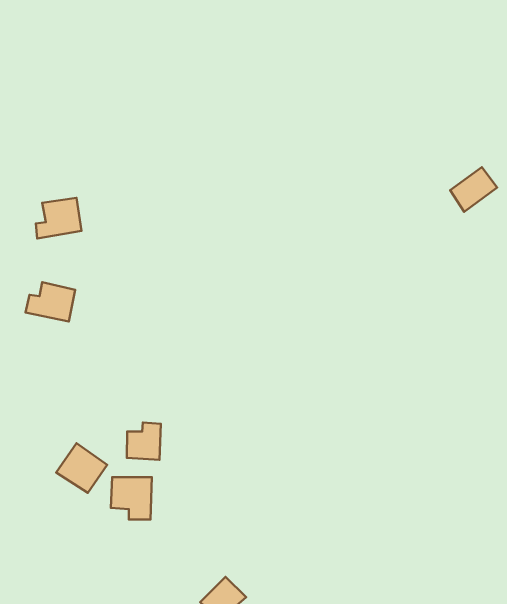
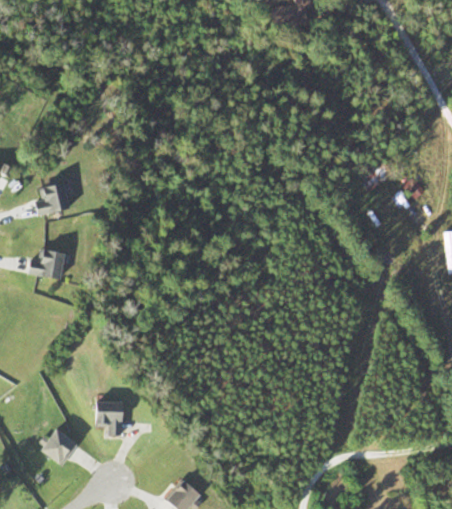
building: [127,423,161,460] -> none
building: [56,443,107,493] -> [38,427,78,466]

